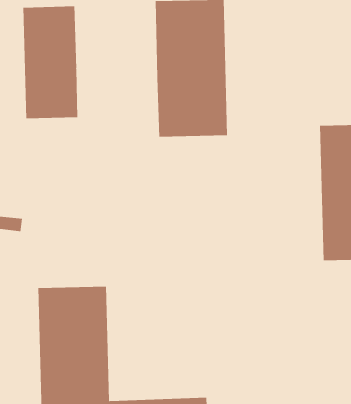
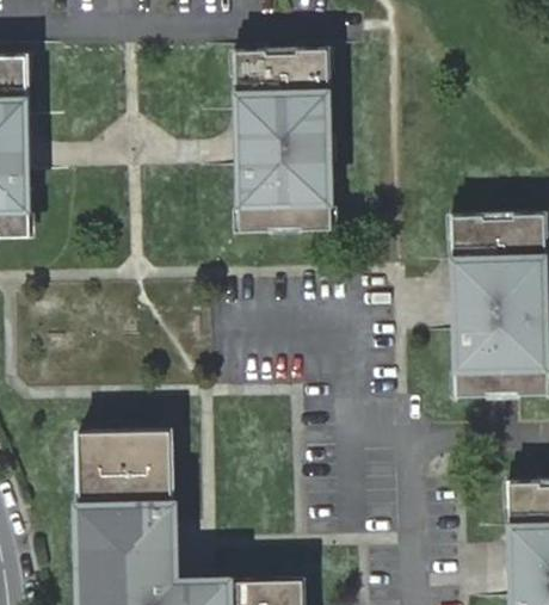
building: [23,6,78,119] -> none

